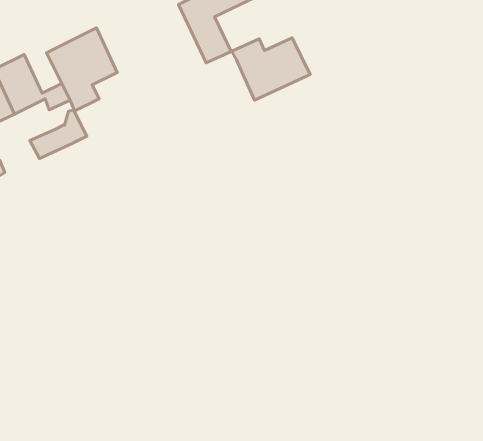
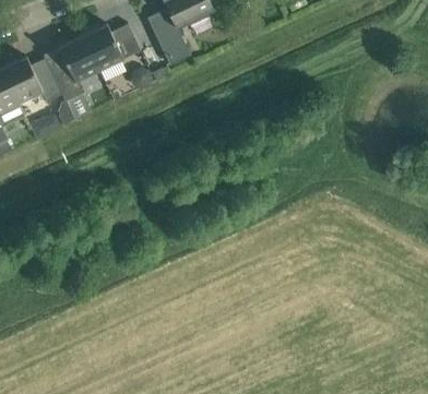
building: none -> [83,24,141,71]
building: [231,38,310,100] -> none

